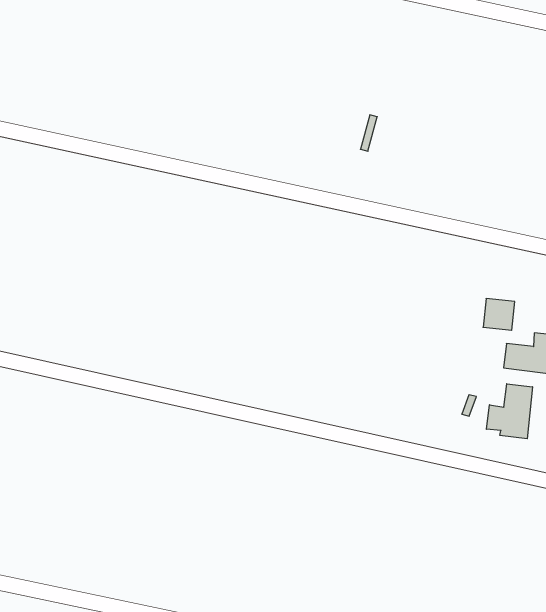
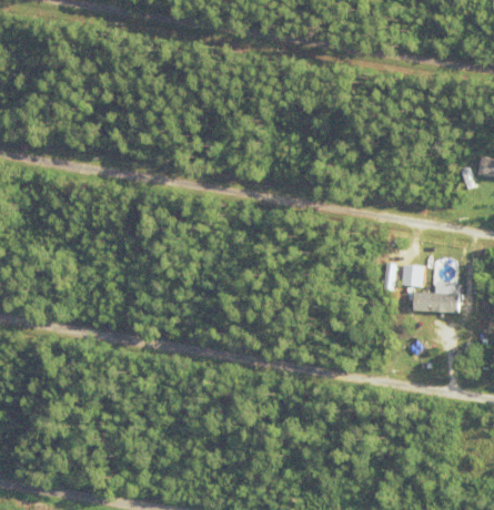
building: [486,384,532,439] -> none

